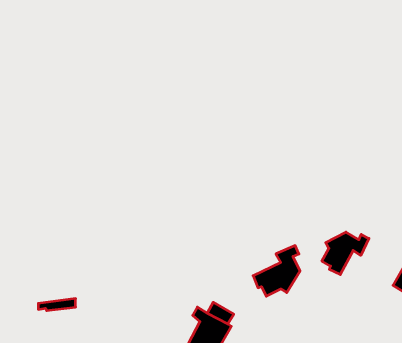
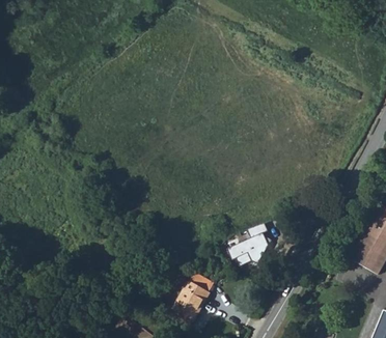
building: [322,232,369,275] -> none

